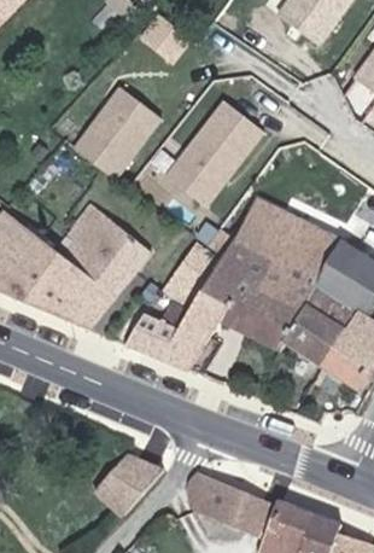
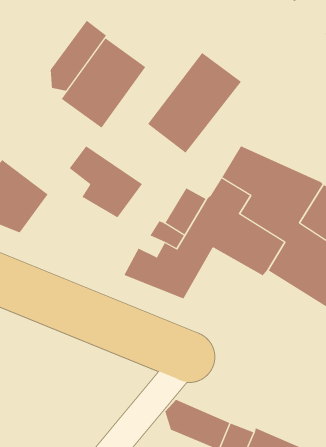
building: none -> [50,20,107,91]
building: [27,226,130,324] -> none
building: [89,454,157,517] -> none

